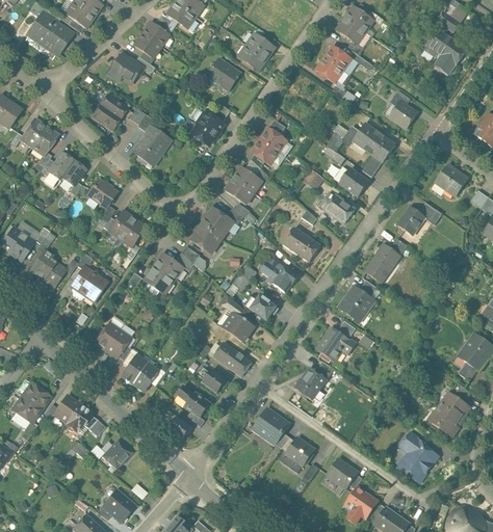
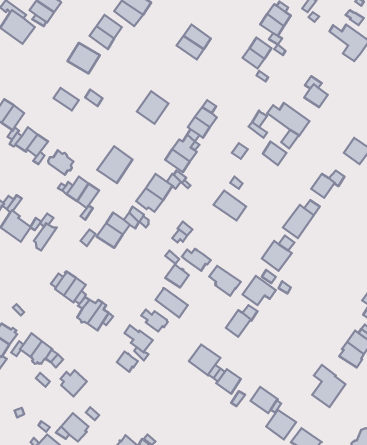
building: [208,57,242,90] -> none
building: [100,92,130,119] -> none
building: [131,123,173,166] -> [97,146,133,183]
building: [323,194,354,223] -> none
building: [260,258,297,293] -> [209,266,241,296]
building: [77,270,106,302] -> none

